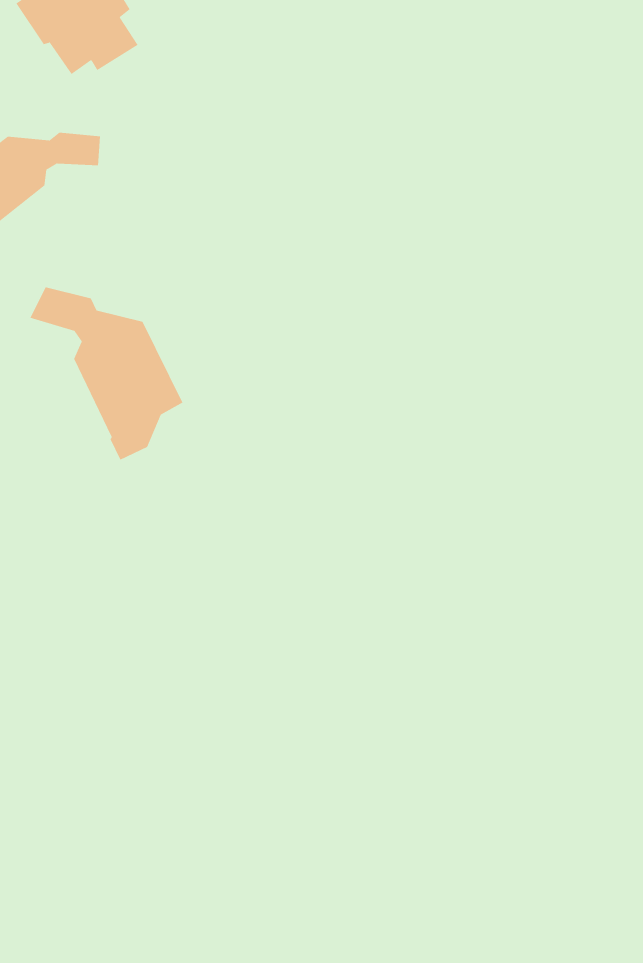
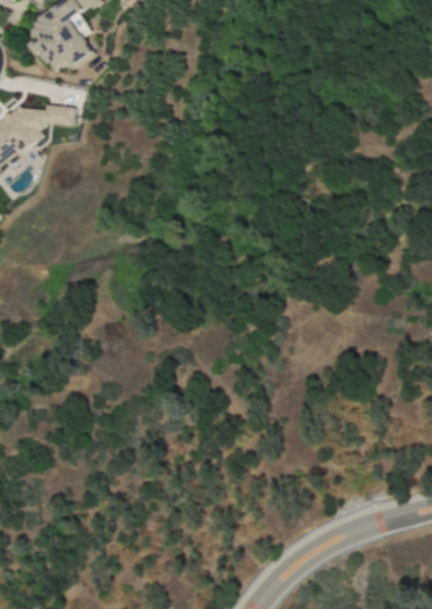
building: [30,286,183,460] -> none

